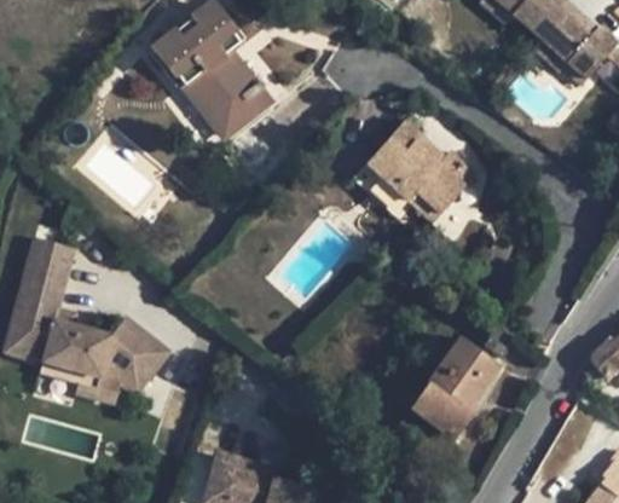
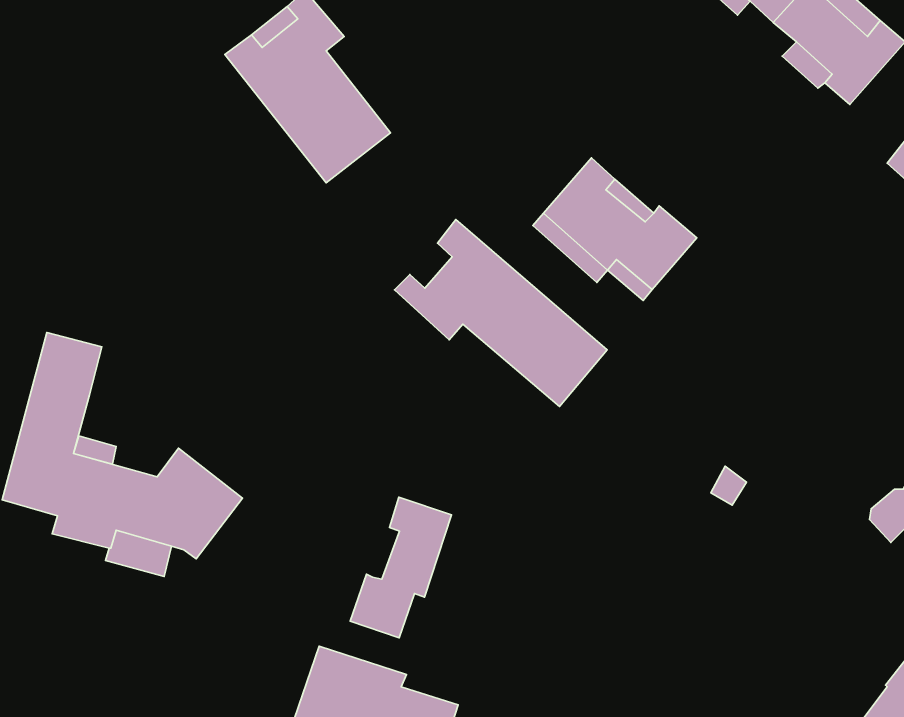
building: none -> [394,219,607,407]
building: [411,339,498,439] -> none
building: none -> [350,497,451,638]

